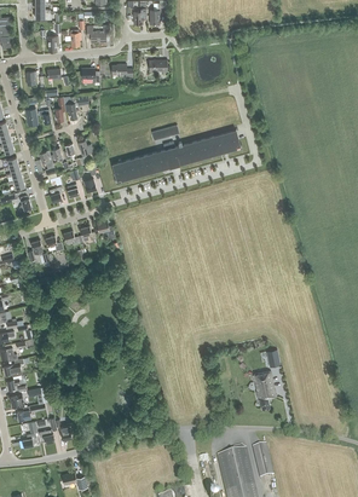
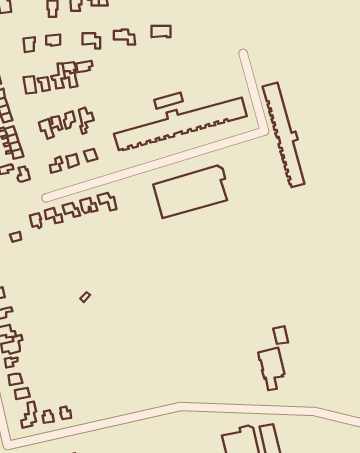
building: none -> [262,82,305,187]
building: none -> [153,165,227,218]

